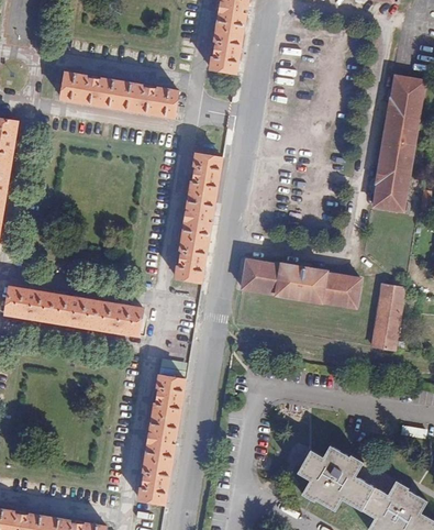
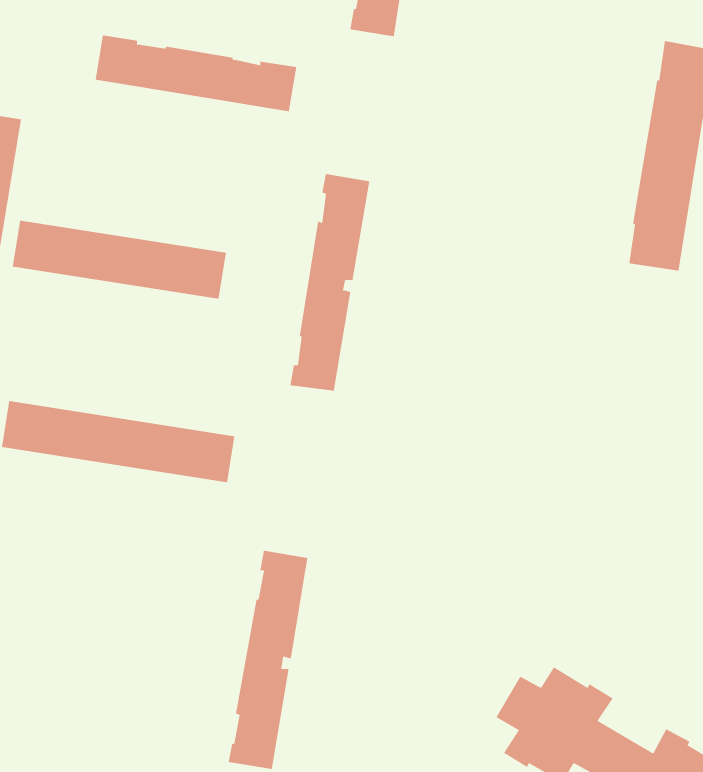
building: none -> [12,220,226,300]
building: [242,260,360,308] -> none
building: [371,285,404,350] -> none

